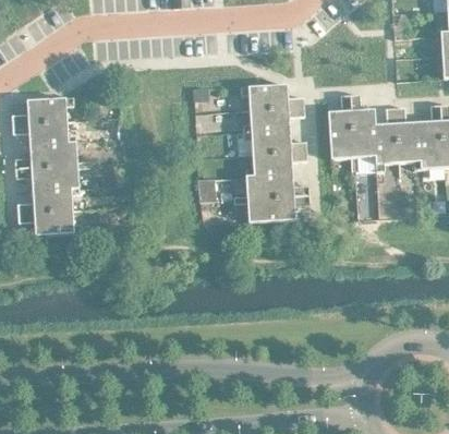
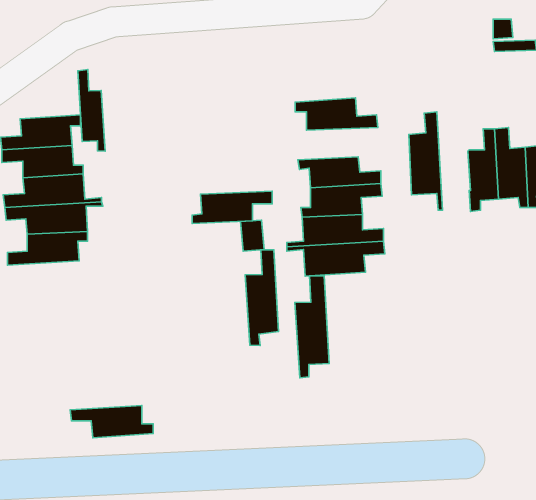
building: none -> [78,69,105,151]
building: [350,94,376,171] -> none
building: [242,107,304,132] -> [192,191,272,224]
building: none -> [245,250,279,346]
building: [16,210,81,236] -> [70,405,153,438]
building: none -> [295,276,329,378]

